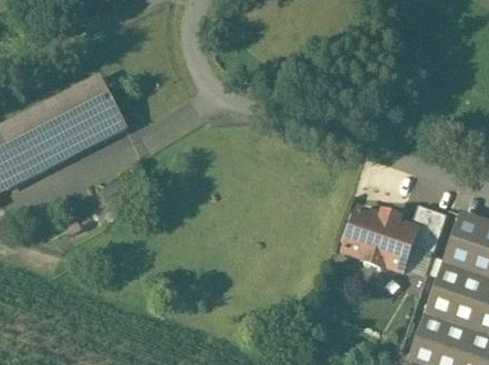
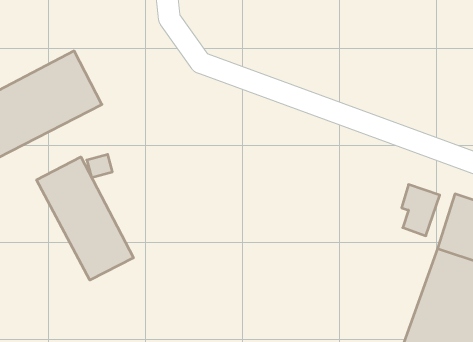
building: none -> [37,157,133,280]
building: [344,208,417,270] -> none

